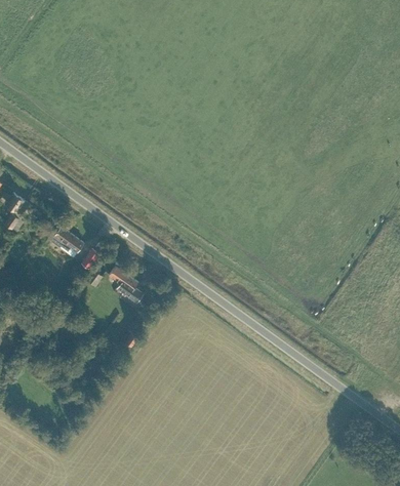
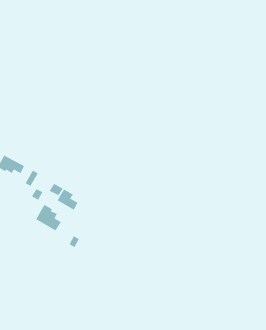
building: none -> [35,204,62,232]

